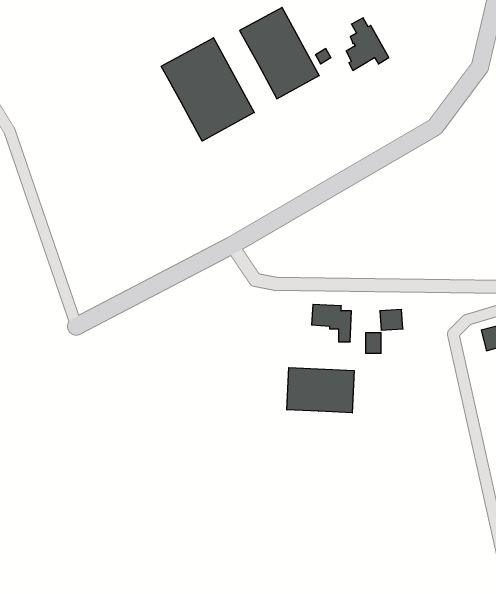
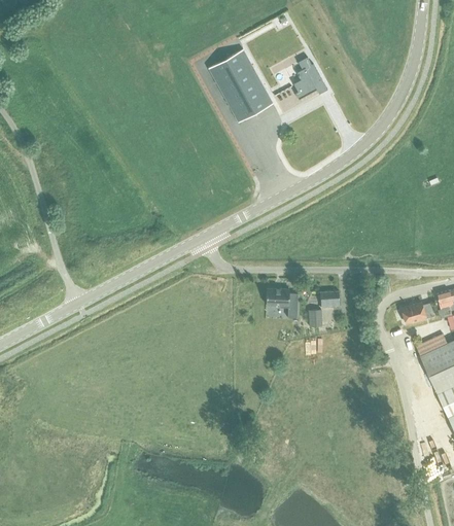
building: [161,38,254,141] -> none
building: [287,368,354,413] -> none

